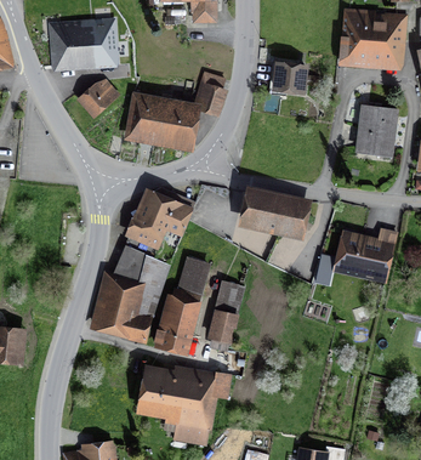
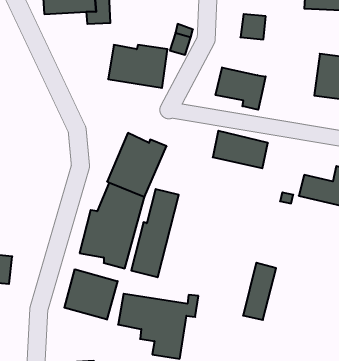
building: [80,79,116,114] -> none
building: none -> [216,67,266,110]
building: [207,279,244,342] -> [243,263,276,320]
building: none -> [64,269,118,320]

